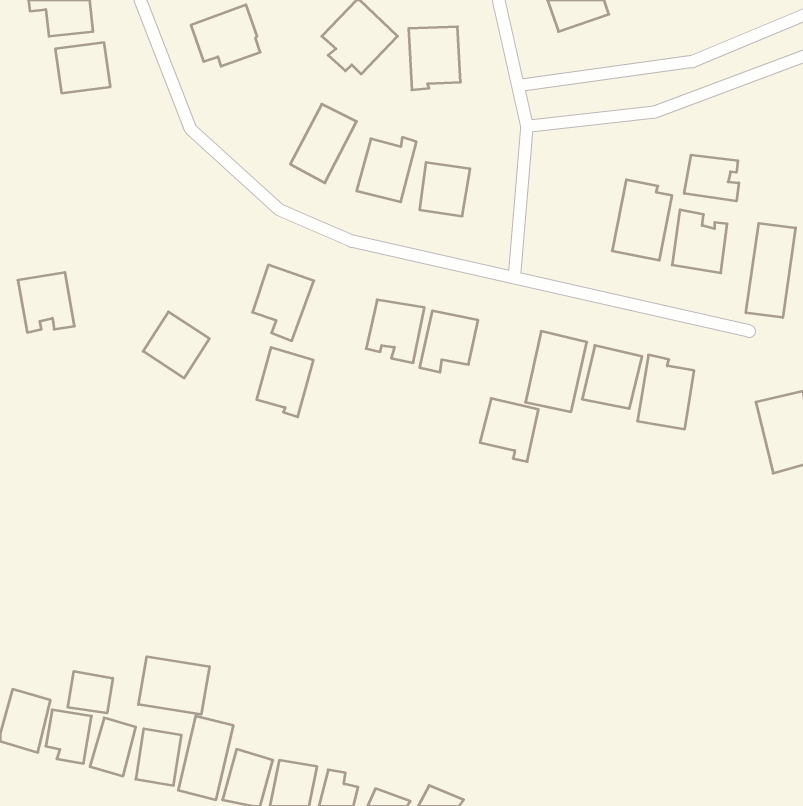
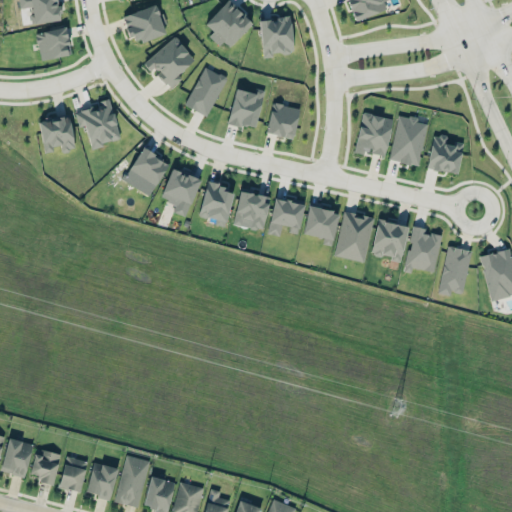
building: none -> [145,36,196,88]
building: none -> [76,98,122,147]
building: [684,155,739,201] -> none
building: none -> [357,113,392,155]
building: [746,223,796,318] -> none
building: [18,272,75,332] -> [40,115,76,153]
building: [143,312,209,378] -> [128,147,170,189]
building: [257,347,313,417] -> [199,182,235,226]
building: none -> [438,245,472,296]
building: [480,398,538,462] -> [303,205,340,245]
building: [138,657,209,714] -> none
building: [68,671,113,713] -> none

